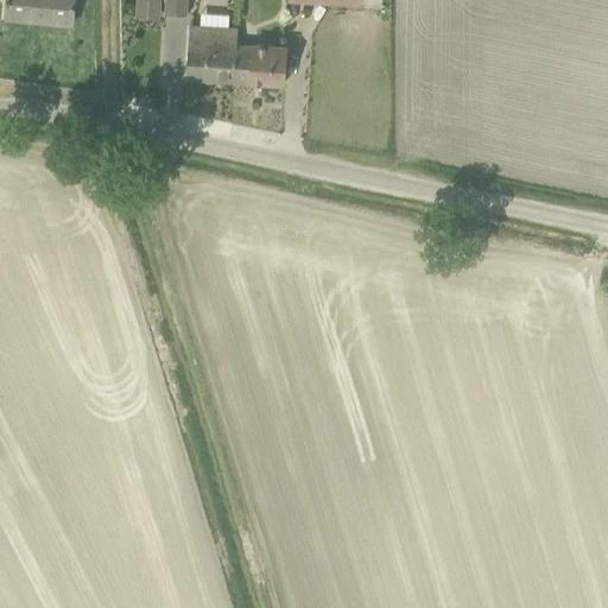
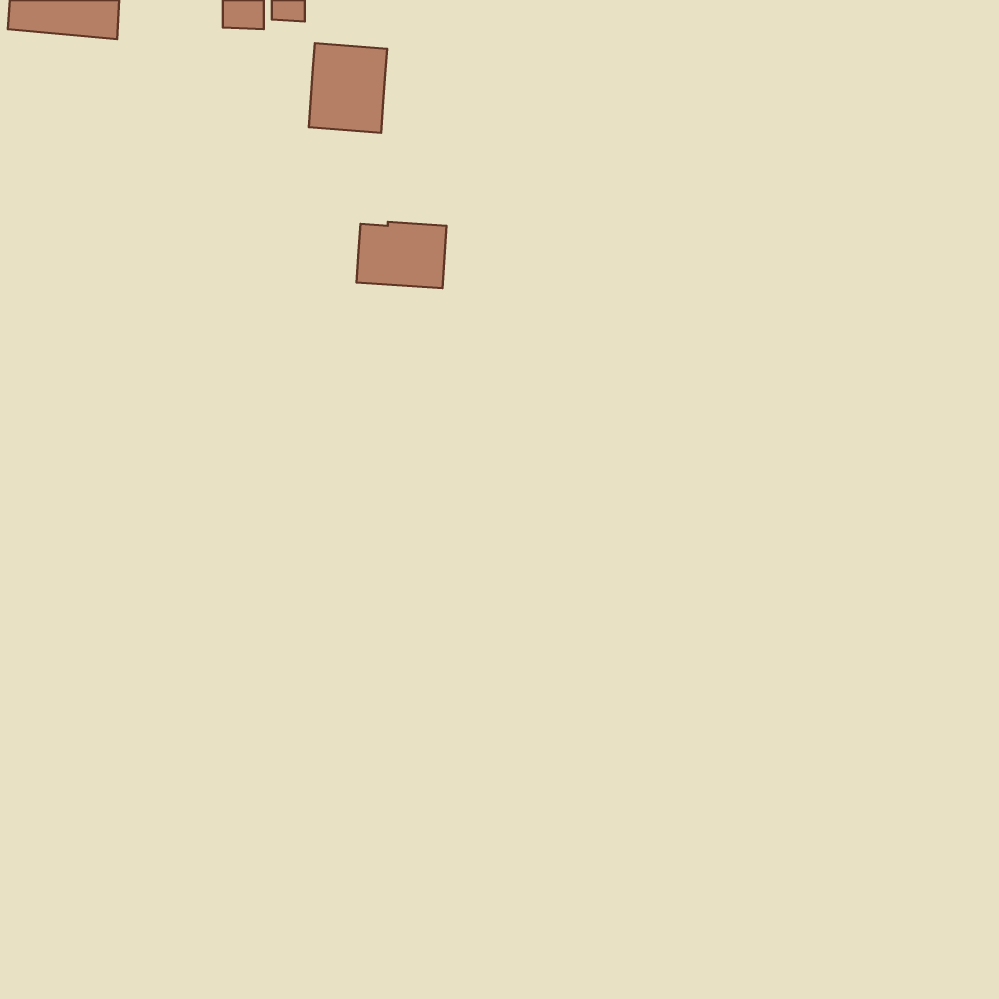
building: [232,44,286,84] -> [356,222,446,288]

